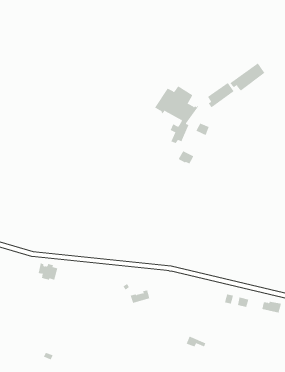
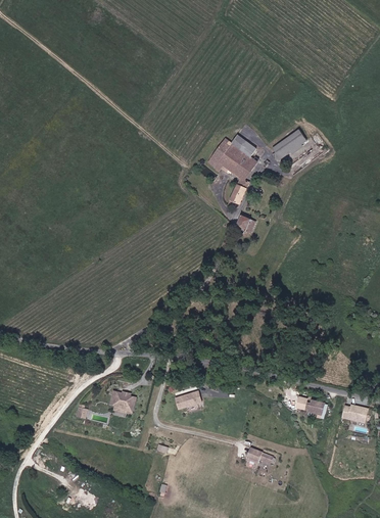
building: [230,63,265,91] -> none
building: [38,263,58,280] -> [110,390,136,413]

